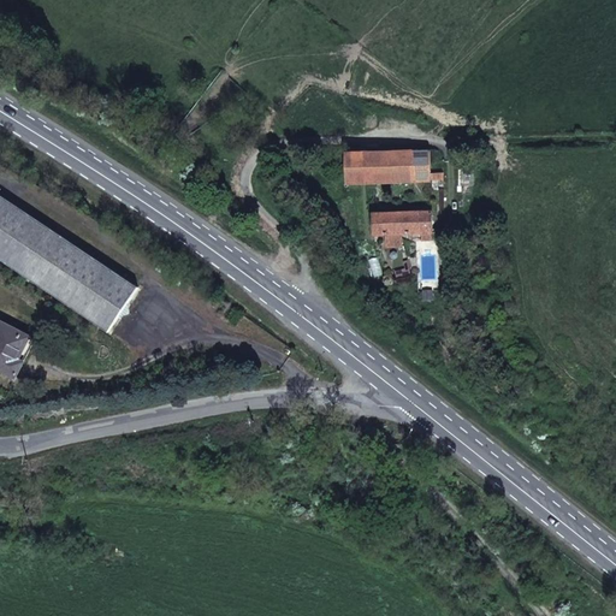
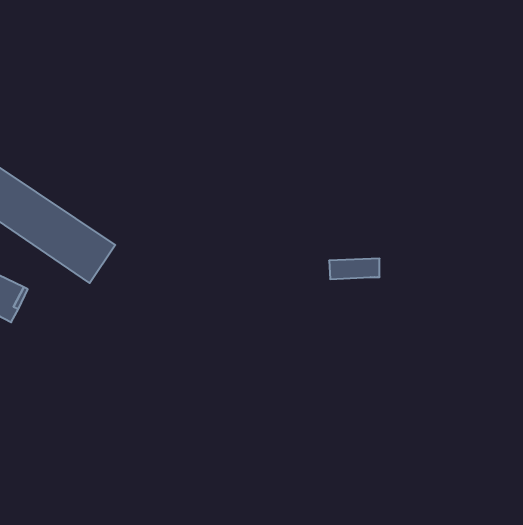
building: [343,149,440,183] -> none
building: [369,211,428,235] -> [329,259,380,279]

